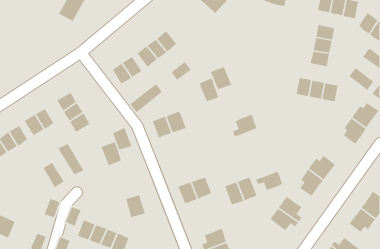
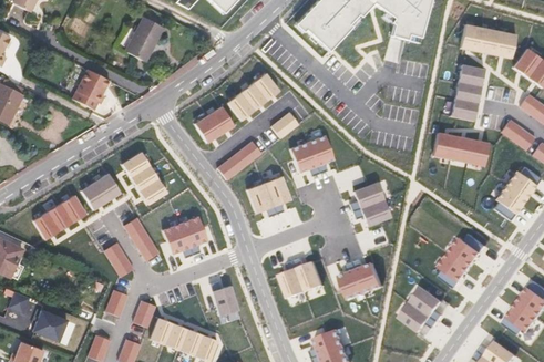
building: none -> [72,69,109,110]
building: [210,66,232,90] -> [288,141,317,172]
building: [112,127,133,151] -> [163,223,189,254]
building: [255,170,283,191] -> [353,199,390,226]

